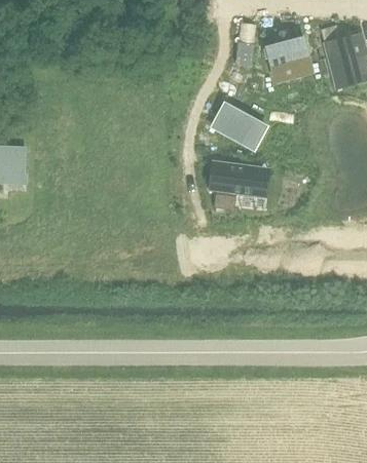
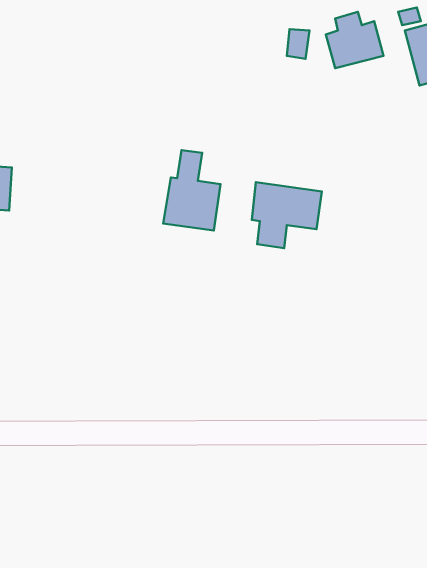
building: [213,104,258,144] -> none
building: none -> [163,150,220,231]

